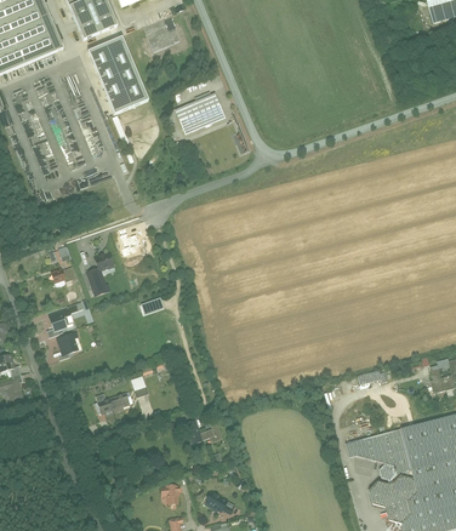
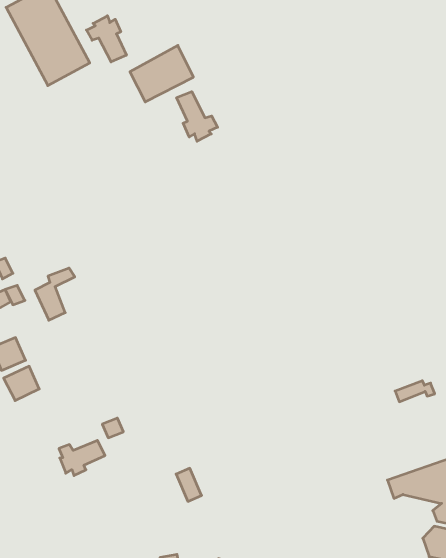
building: none -> [86,16,126,62]
building: none -> [177,92,218,141]

